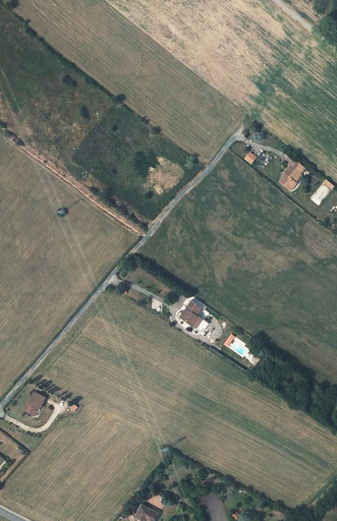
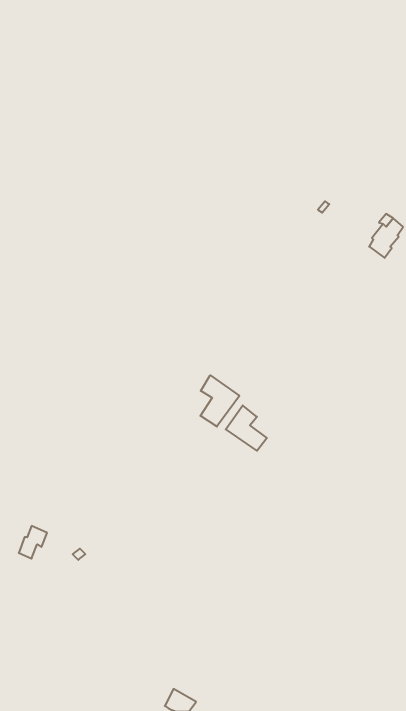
building: none -> [200,375,239,427]

